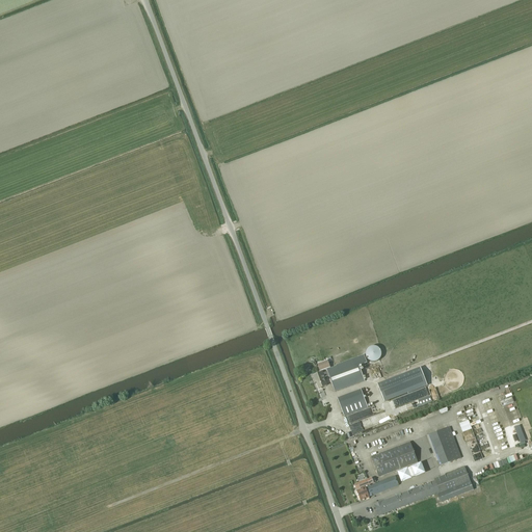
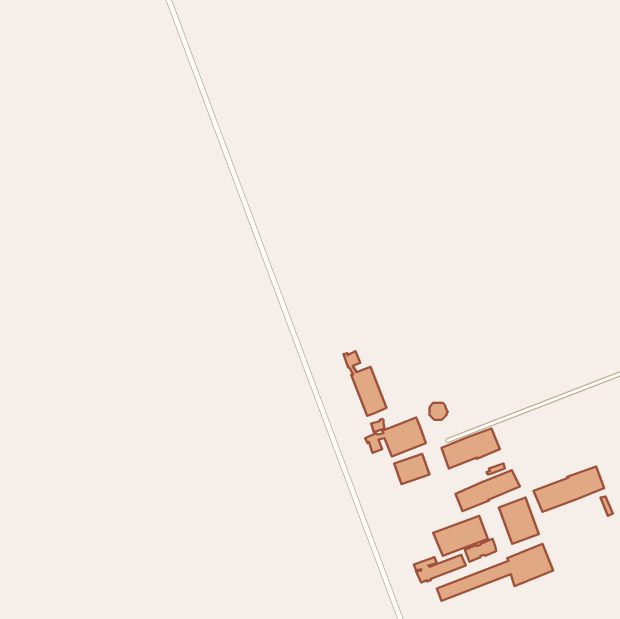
building: none -> [343,351,386,416]
building: none -> [534,466,604,512]
building: none -> [456,470,520,511]

